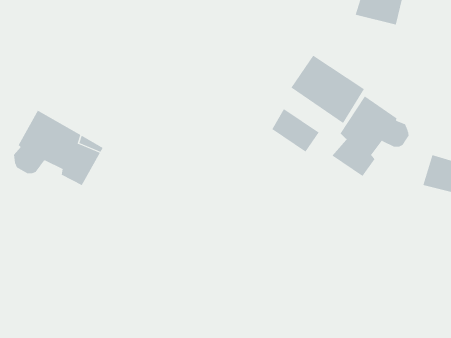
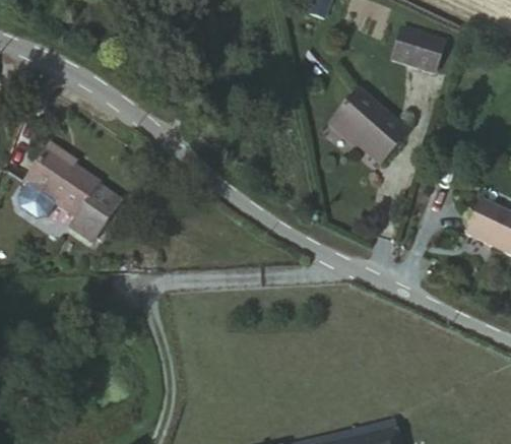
building: [332,96,409,177] -> none
building: [272,108,319,153] -> none

